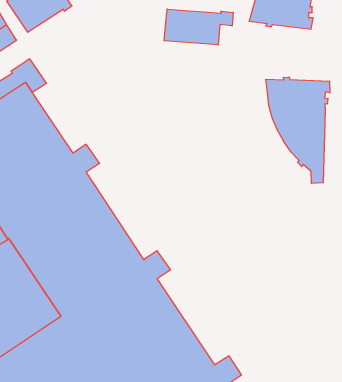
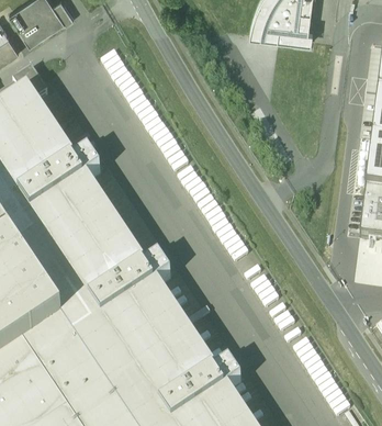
building: [164,9,233,45] -> none
building: [266,77,330,183] -> none

